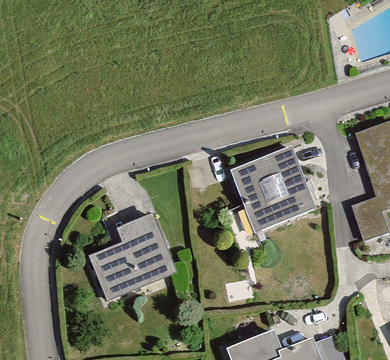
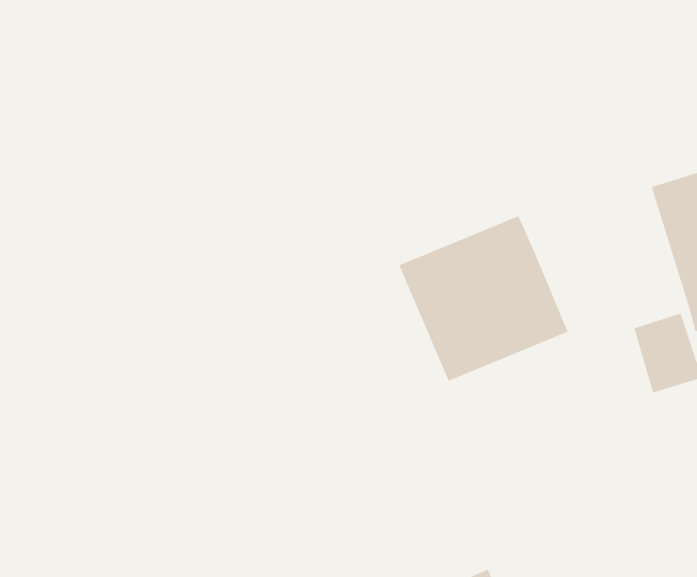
building: [90,216,173,301] -> none

